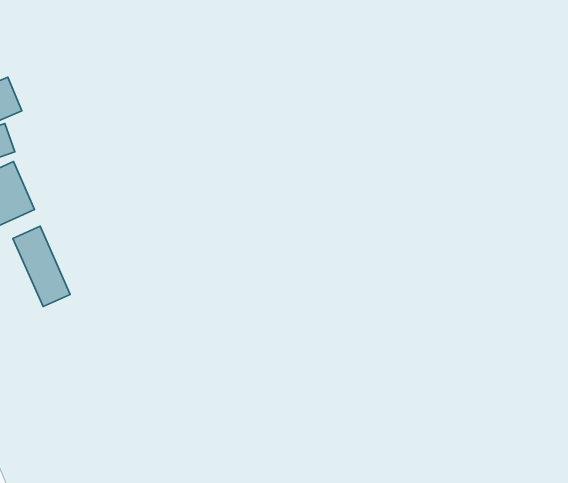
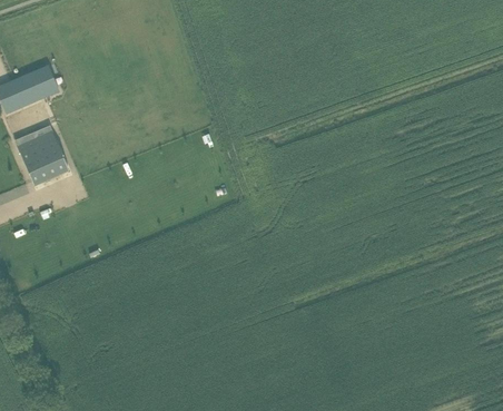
building: [13,226,70,307] -> none

